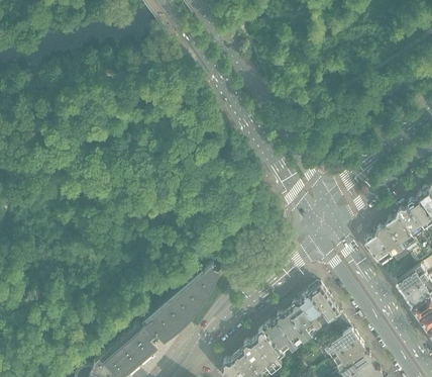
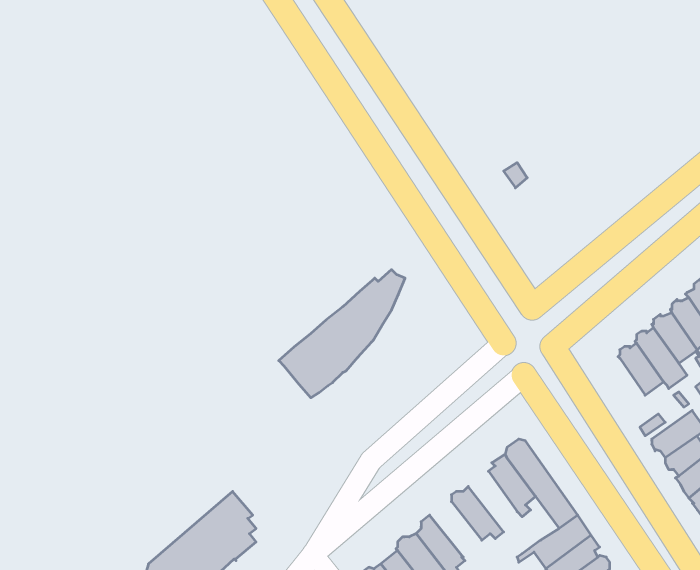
building: [365,235,393,265] -> none
building: [145,261,221,338] -> [279,270,405,398]
building: [287,303,316,340] -> none
building: [263,321,297,355] -> none

